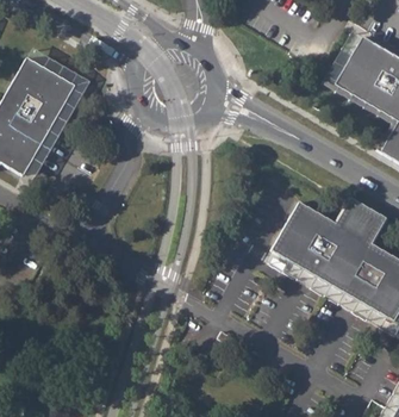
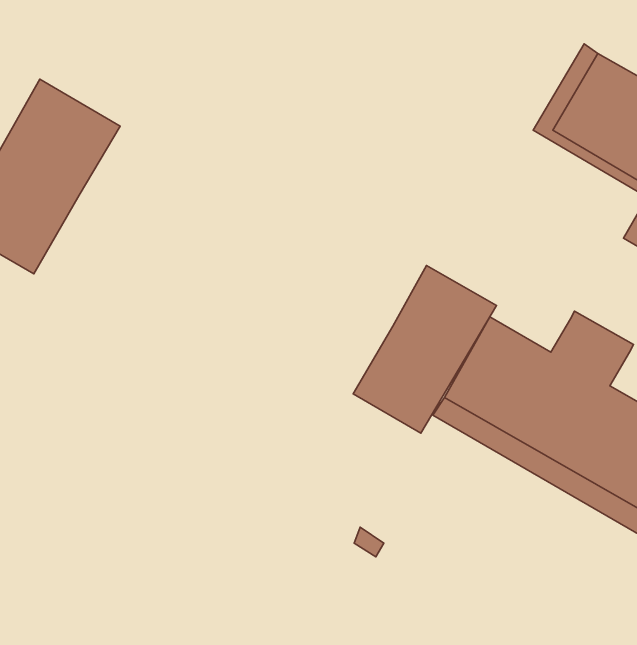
building: [23,46,91,180] -> none
building: none -> [353,266,497,433]

